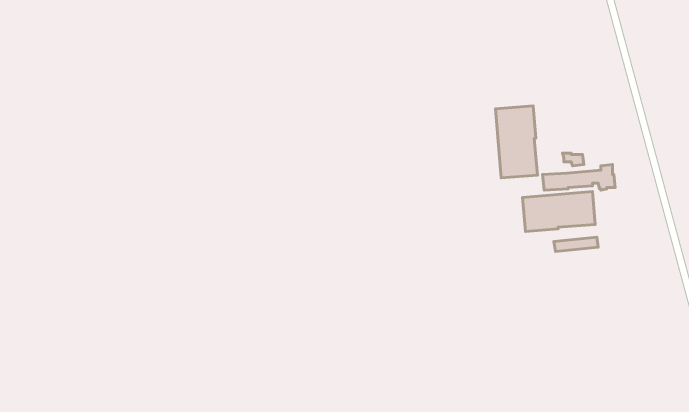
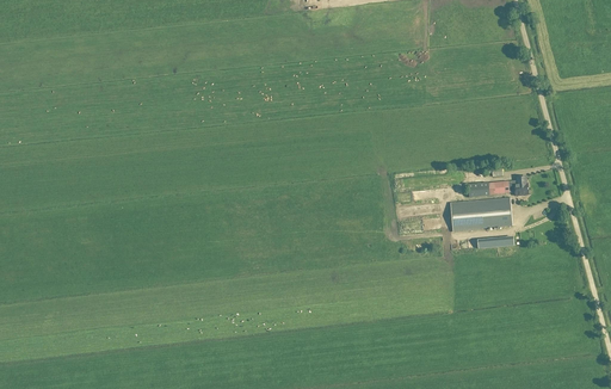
building: [495,106,538,178] -> none

